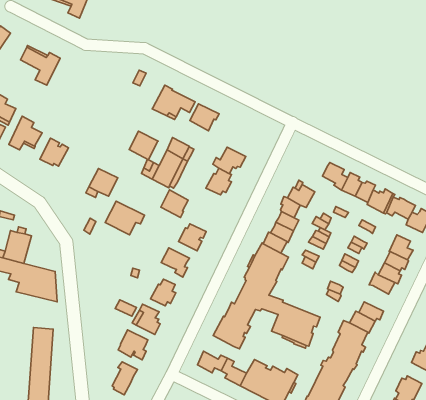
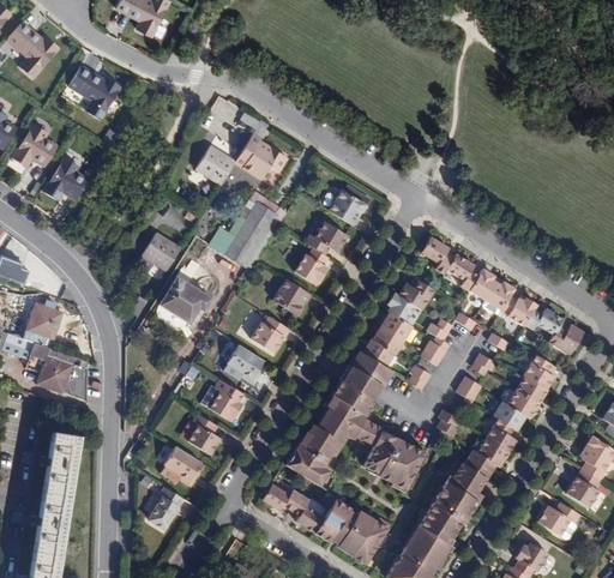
building: [190,104,219,131] -> [330,189,368,225]
building: [129,131,158,160] -> [197,145,235,183]
building: [40,138,68,166] -> none
building: none -> [420,236,453,273]
building: [161,190,188,218] -> [273,278,309,315]
building: none -> [484,417,517,452]

